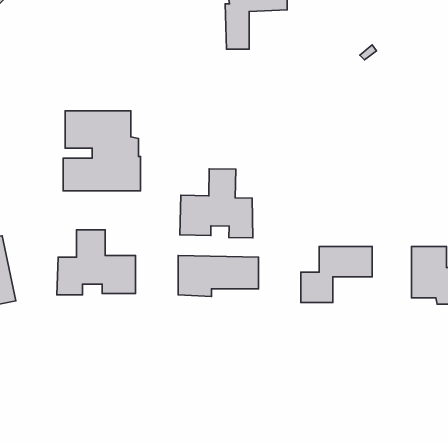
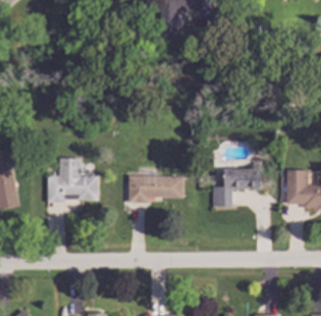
building: [63,111,141,191] -> none
building: [180,169,253,238] -> none

